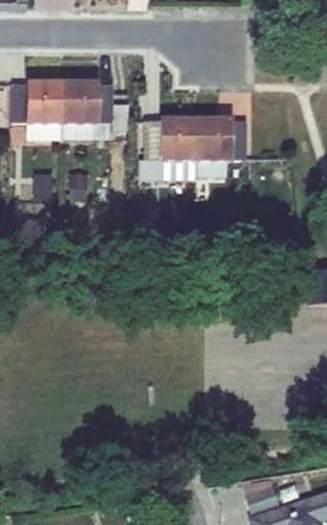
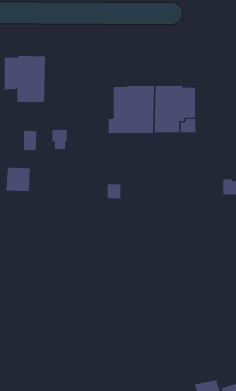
building: [62,82,129,138] -> none

